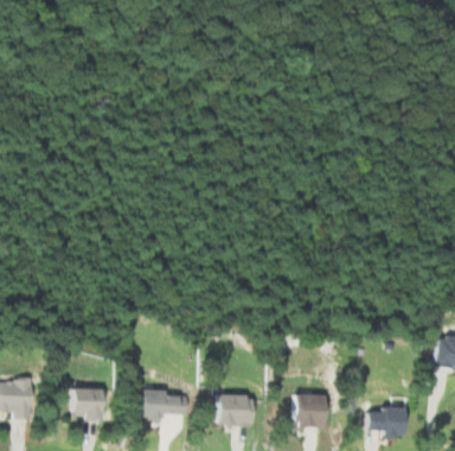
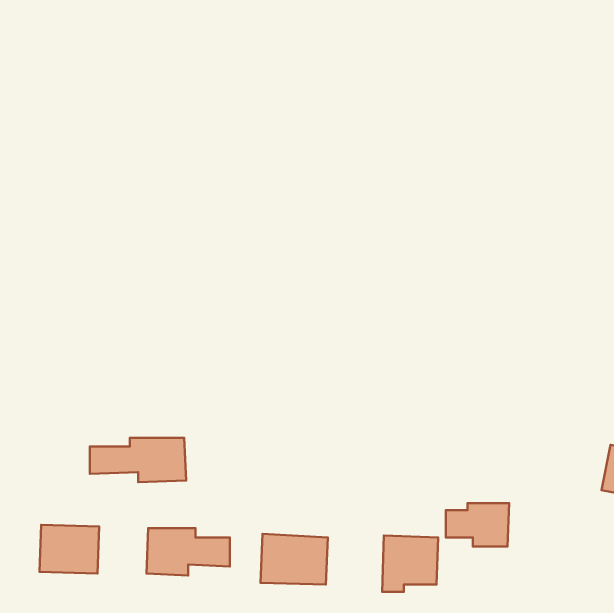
building: none -> [90,438,186,482]
building: [365,407,406,436] -> [446,503,509,547]

